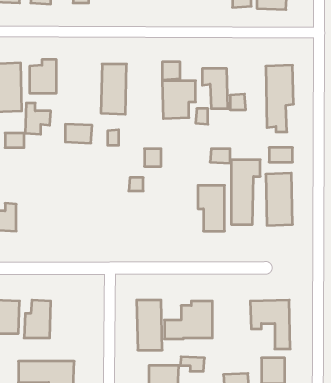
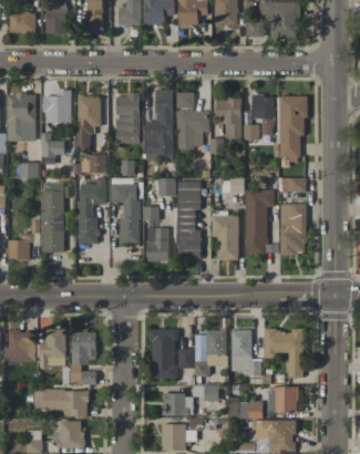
building: none -> [144,89,173,158]
building: none -> [251,95,272,134]
building: none -> [76,96,101,153]
building: none -> [78,177,106,244]
building: none -> [111,178,137,243]
building: none -> [177,182,200,258]
building: none -> [41,184,64,252]
building: none -> [146,227,168,261]
building: none -> [230,329,260,375]
building: none -> [71,332,96,384]

